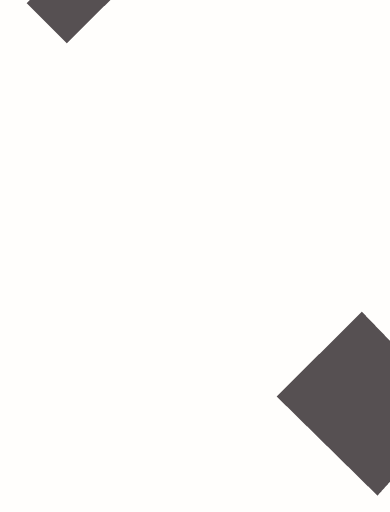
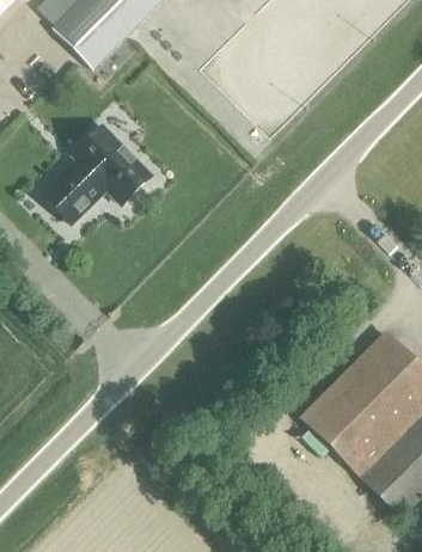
building: none -> [42,124,148,221]

